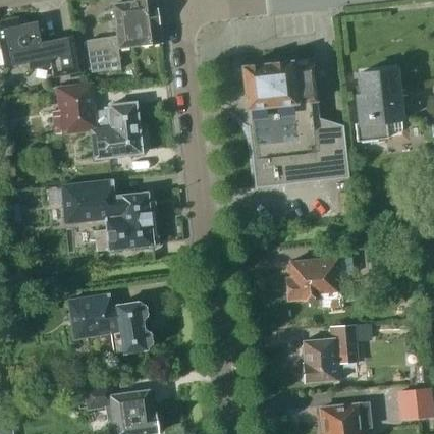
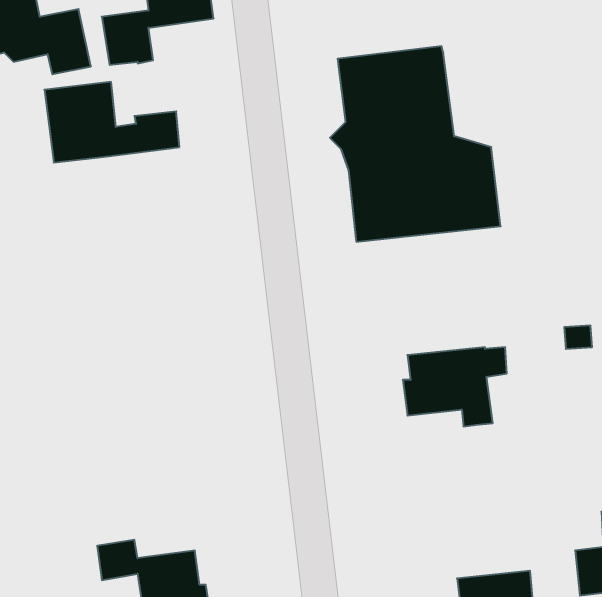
building: [356,69,401,142] -> none
building: [90,125,142,160] -> none
building: [61,179,153,251] -> none
building: [67,294,152,355] -> none
building: [304,323,368,383] -> none

